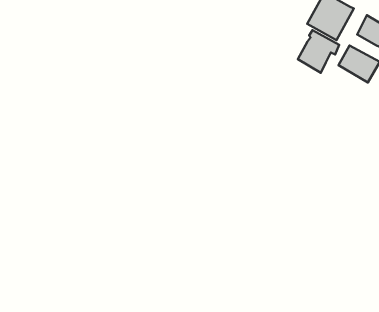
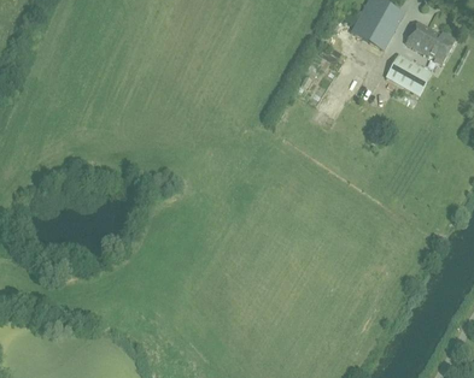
building: [298,30,339,73] -> none

